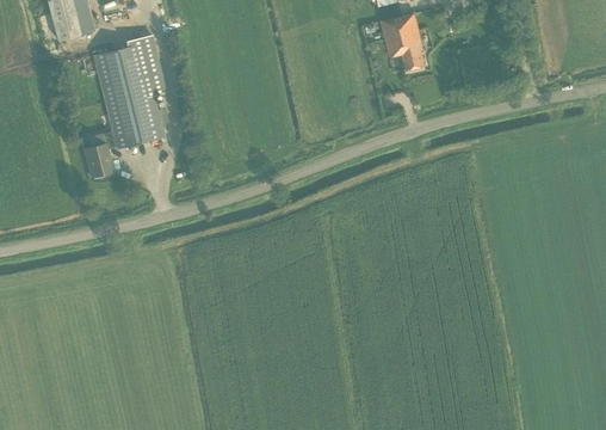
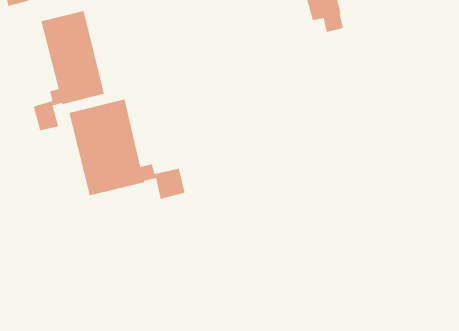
building: none -> [69,99,185,200]

